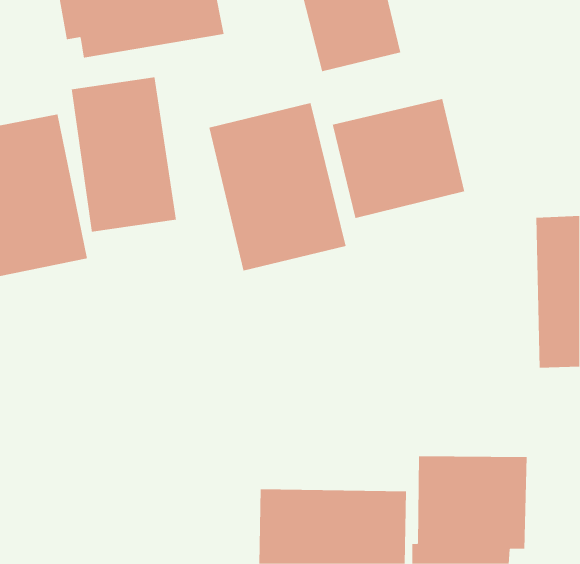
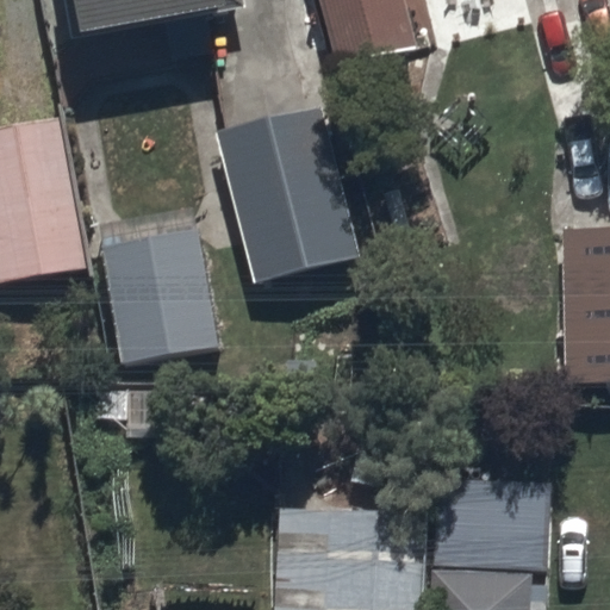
building: [71,77,176,233] -> none
building: [332,98,465,219] -> none
building: none -> [102,232,224,374]

